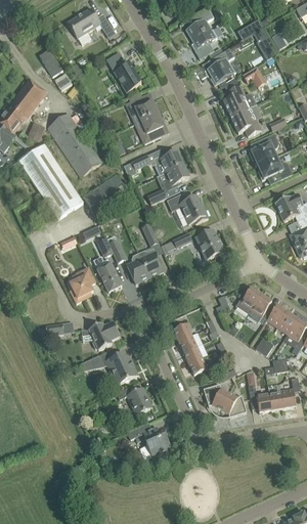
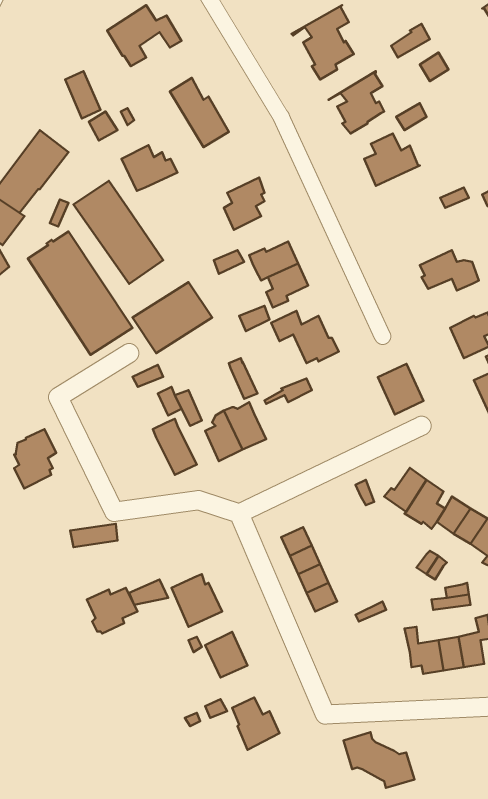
building: [126,95,160,123] -> [122,145,177,191]
building: [230,108,261,136] -> none
building: [249,133,278,165] -> none
building: [195,229,223,260] -> [378,364,423,414]
building: [70,267,95,303] -> [14,429,56,488]
building: [89,321,120,349] -> [87,588,138,633]
building: [204,384,247,418] -> [344,732,415,788]

